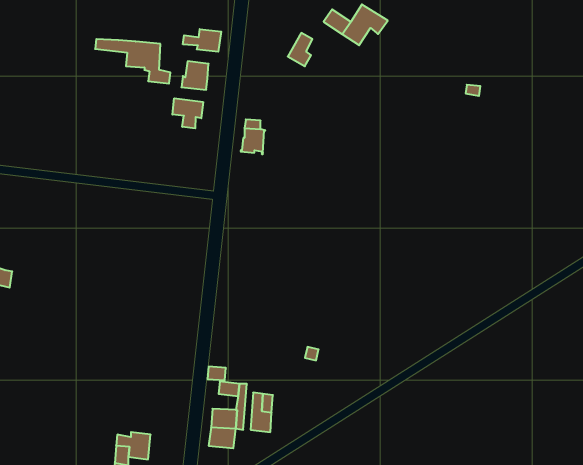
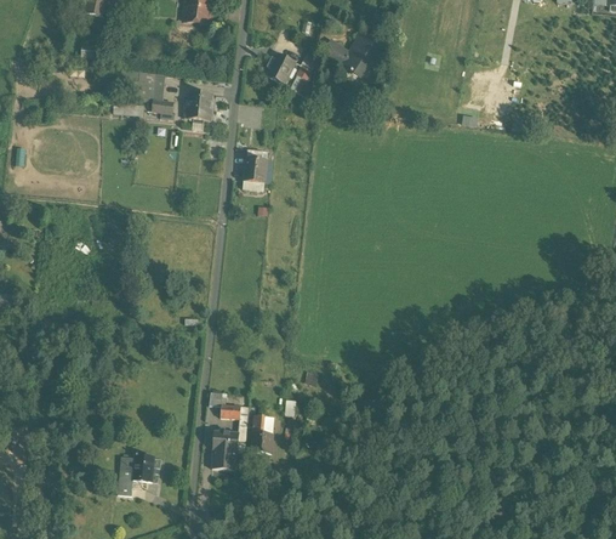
building: none -> [267,51,296,83]
building: [183,29,221,52] -> none
building: [172,98,203,128] -> none

